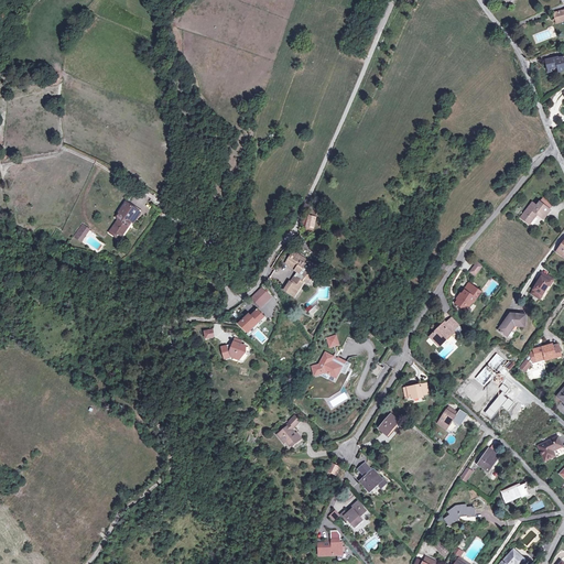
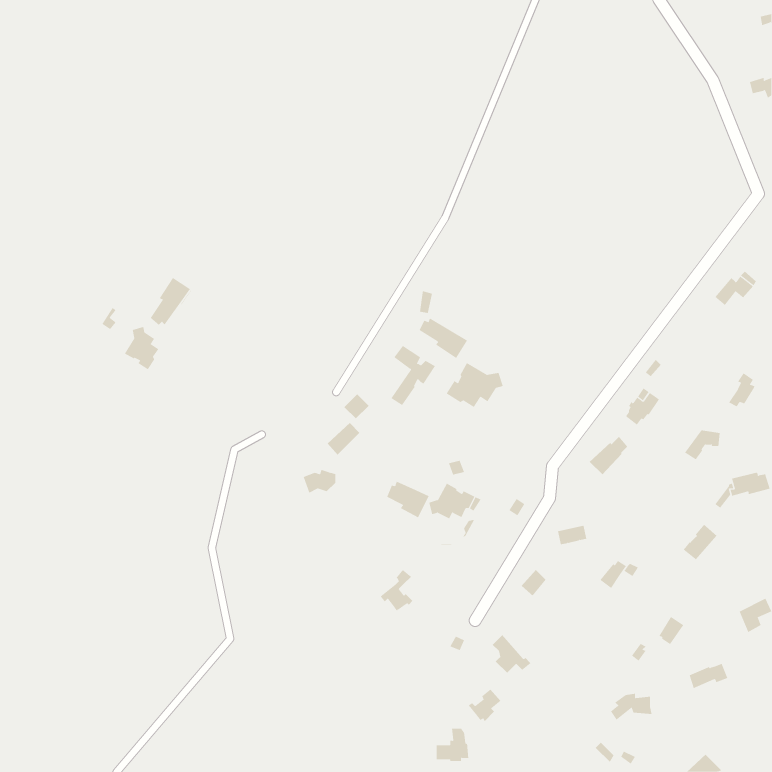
building: none -> [419,317,468,359]
building: none -> [124,326,159,370]
building: none -> [446,362,504,408]
building: none -> [386,481,429,518]

